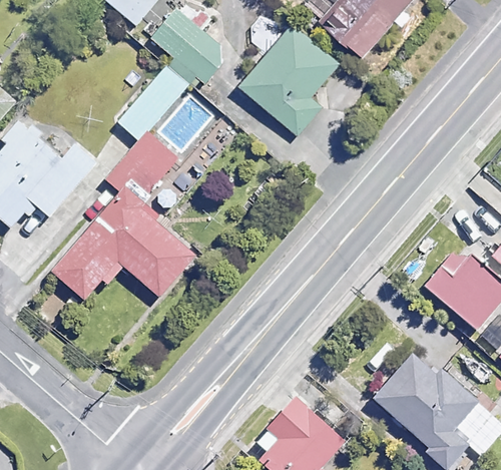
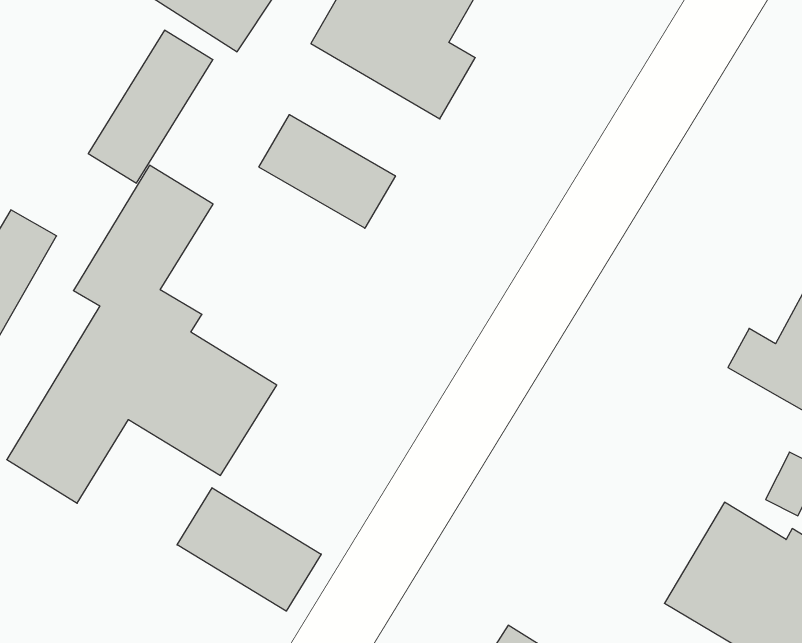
building: none -> [259,115,395,228]
building: none -> [177,488,321,611]

